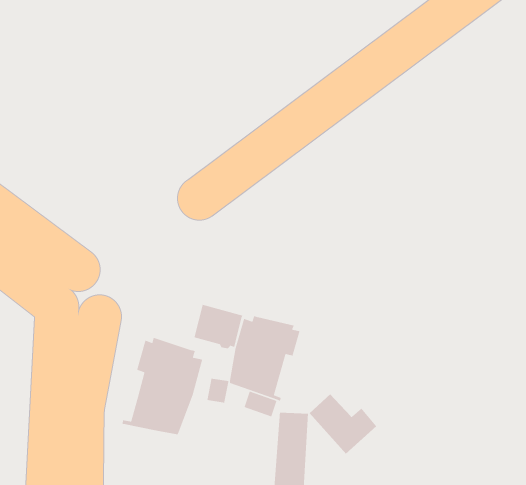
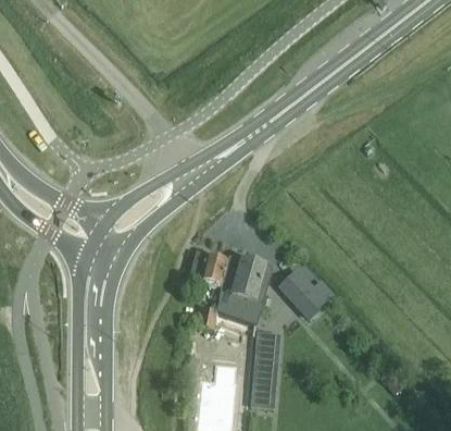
building: [121,337,203,435] -> none
building: [309,393,377,455] -> [281,269,334,316]

